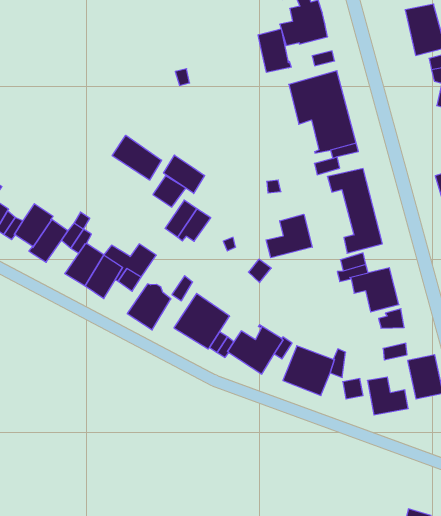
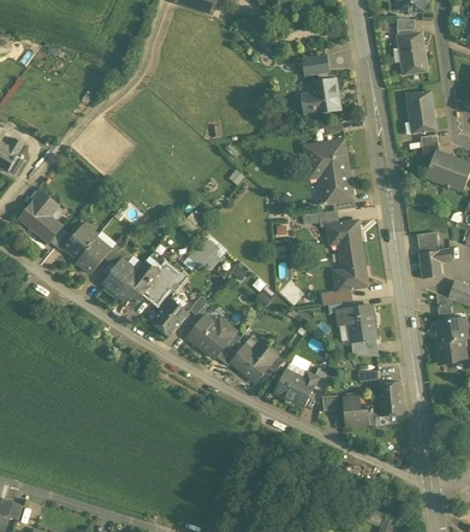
building: [258,29,291,72] -> none
building: [112,135,162,180] -> none
building: [164,155,205,194] -> none
building: [266,214,312,258] -> none

